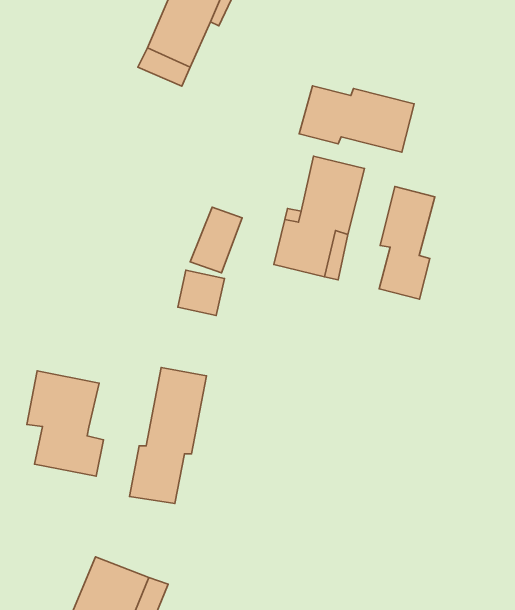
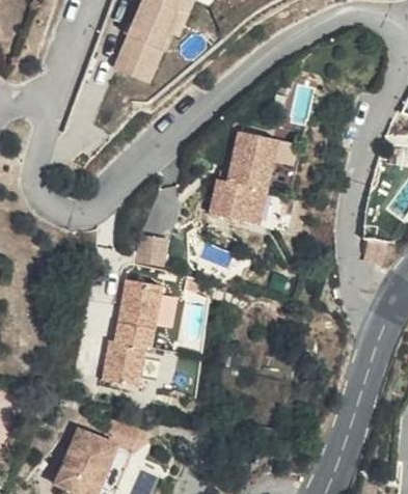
building: [299,86,414,152] -> none
building: [379,187,435,299] -> none
building: [27,371,104,476] -> none

